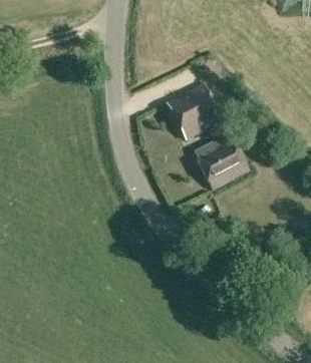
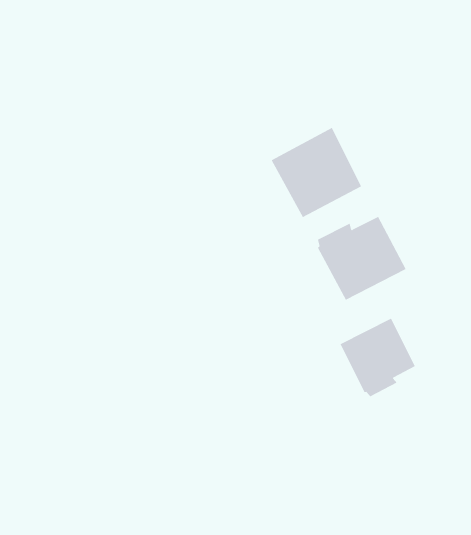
building: none -> [340,318,415,397]

